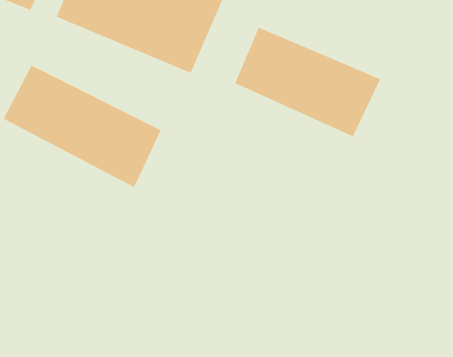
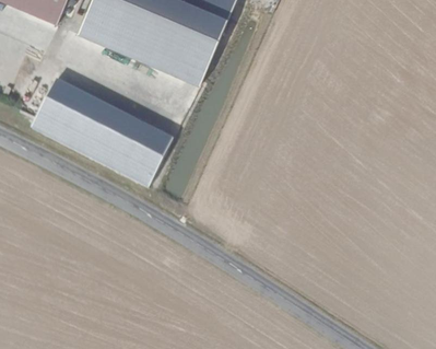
building: [234,27,381,137] -> none

